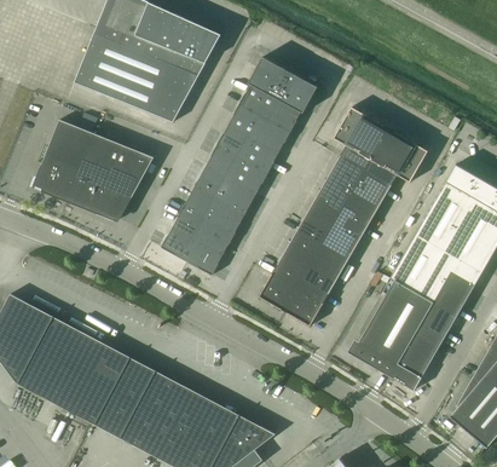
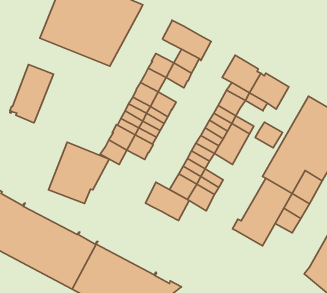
building: [239,85,276,117] -> none
building: [68,133,154,220] -> [49,142,109,204]
building: [243,138,279,173] -> none
building: [353,171,392,207] -> [255,122,282,148]
building: [187,241,224,276] -> none
building: [310,246,348,283] -> none
building: none -> [146,182,189,221]
building: [391,345,433,390] -> none

